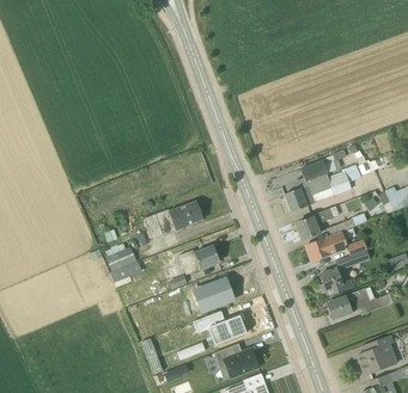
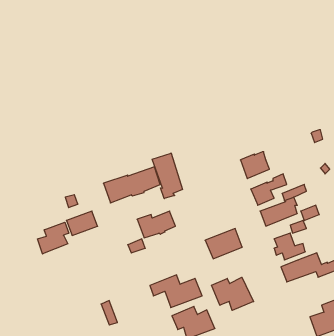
building: [302,160,352,196] -> none
building: none -> [152,153,182,199]
building: none -> [37,222,69,254]
building: [194,280,232,311] -> [205,229,242,259]
building: none -> [211,277,254,310]

